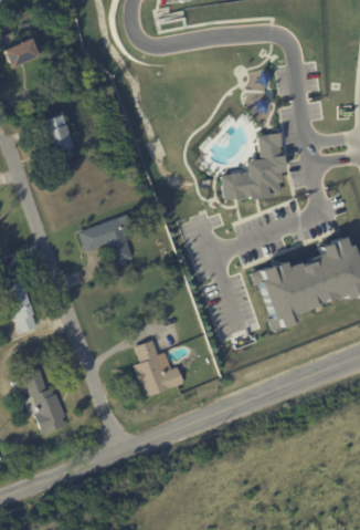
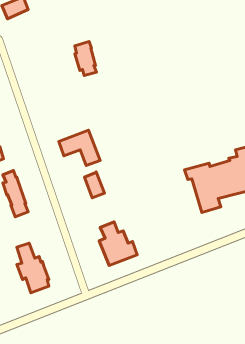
building: [49,115,77,160] -> [75,42,96,75]
building: [219,132,284,199] -> none
building: none -> [84,172,105,198]

